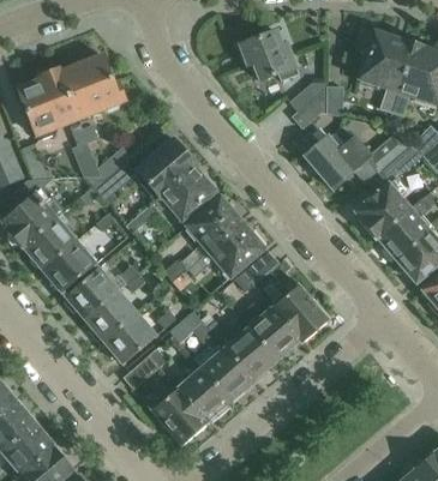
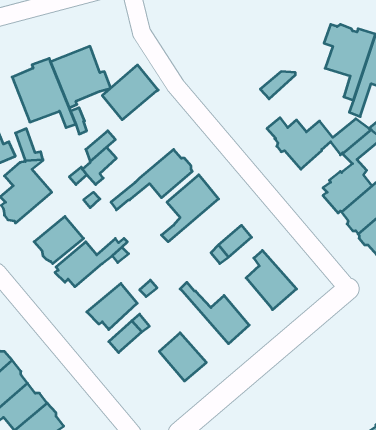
building: [240,29,294,79] -> none
building: [293,85,344,127] -> none
building: [136,138,197,198] -> [102,65,158,120]
building: [22,214,76,267] -> none
building: [188,221,266,276] -> none
building: [85,291,137,344] -> none
building: [240,303,301,359] -> none
building: [193,321,254,399] -> none
building: [145,387,208,444] -> none

